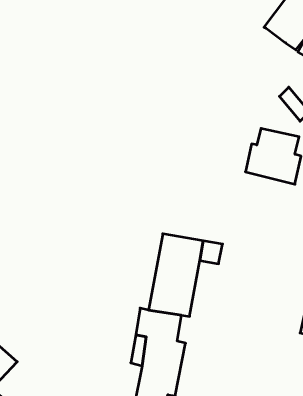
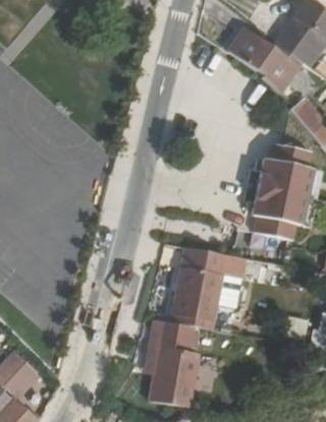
building: none -> [228,27,300,89]
building: none -> [253,185,309,239]

